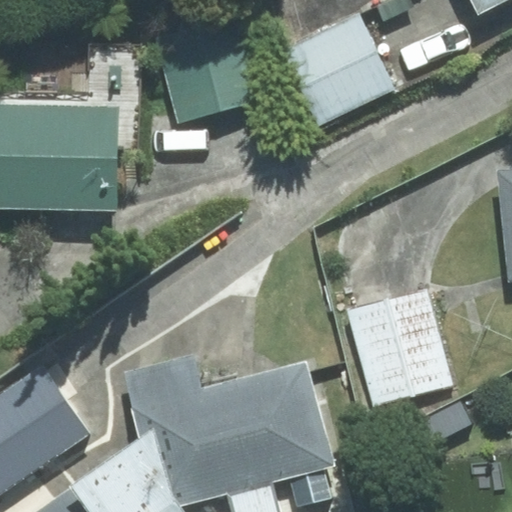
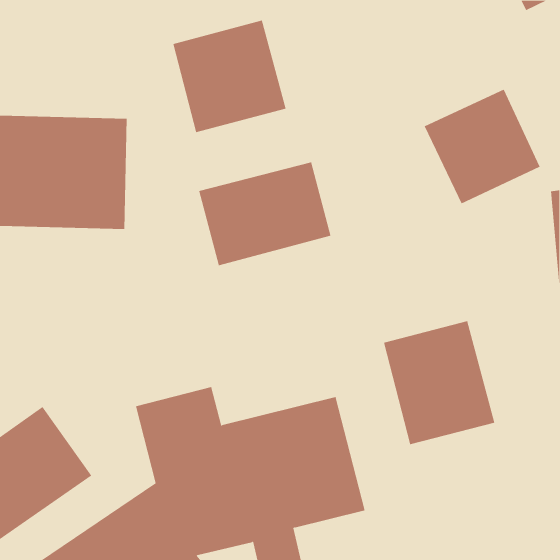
building: [286,18,392,123] -> [424,89,540,204]
building: none -> [198,162,331,266]

